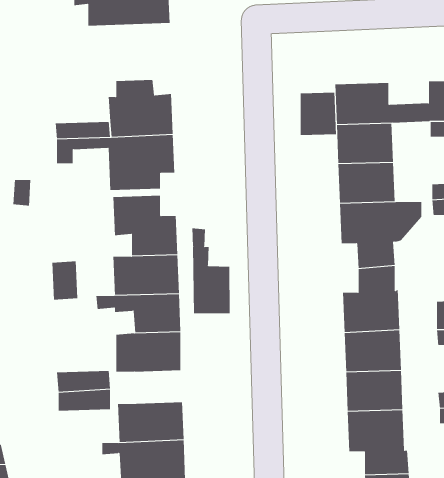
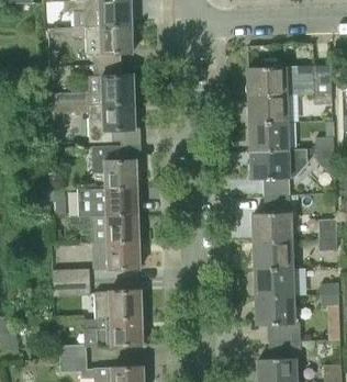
building: none -> [51,25,133,66]
building: [300,92,336,136] -> none
building: [192,228,230,314] -> none

